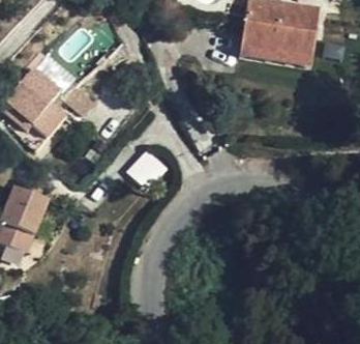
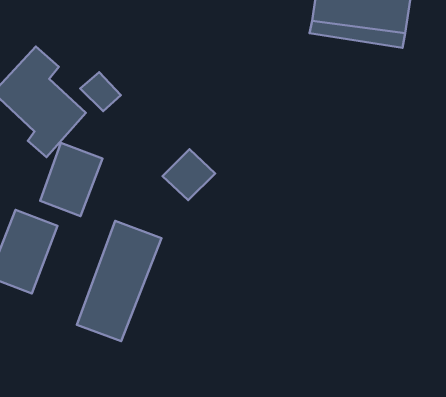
building: none -> [40,143,102,216]
building: none -> [77,221,161,341]

